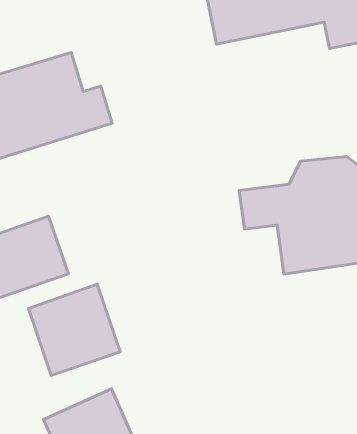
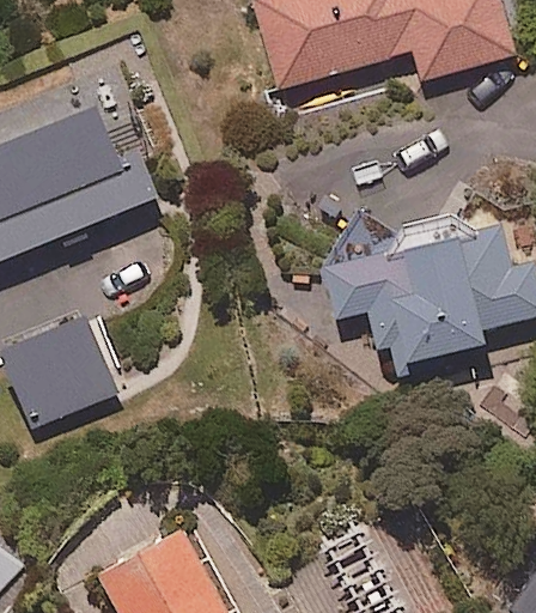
building: [29,284,120,375] -> none

